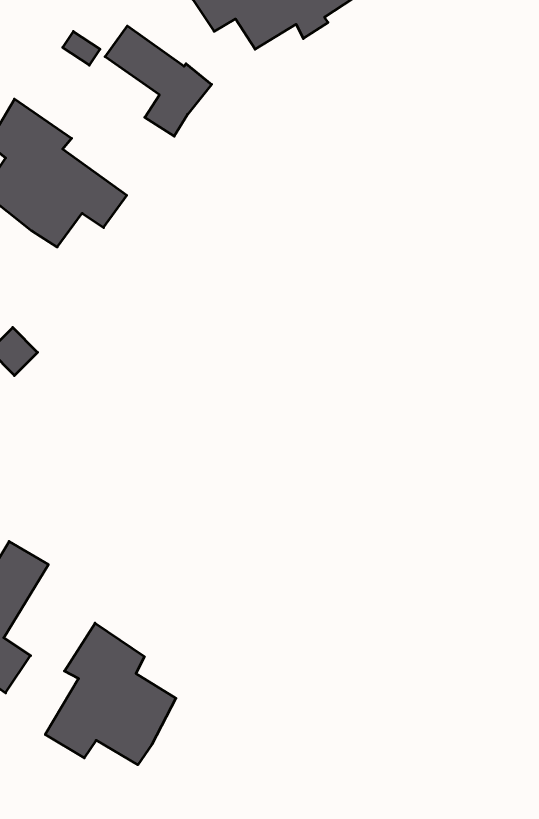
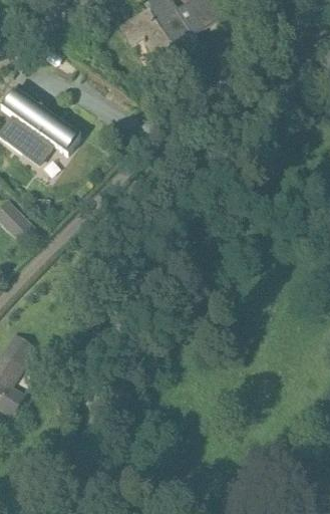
building: [105,26,212,136] -> none
building: [45,623,176,765] -> none

